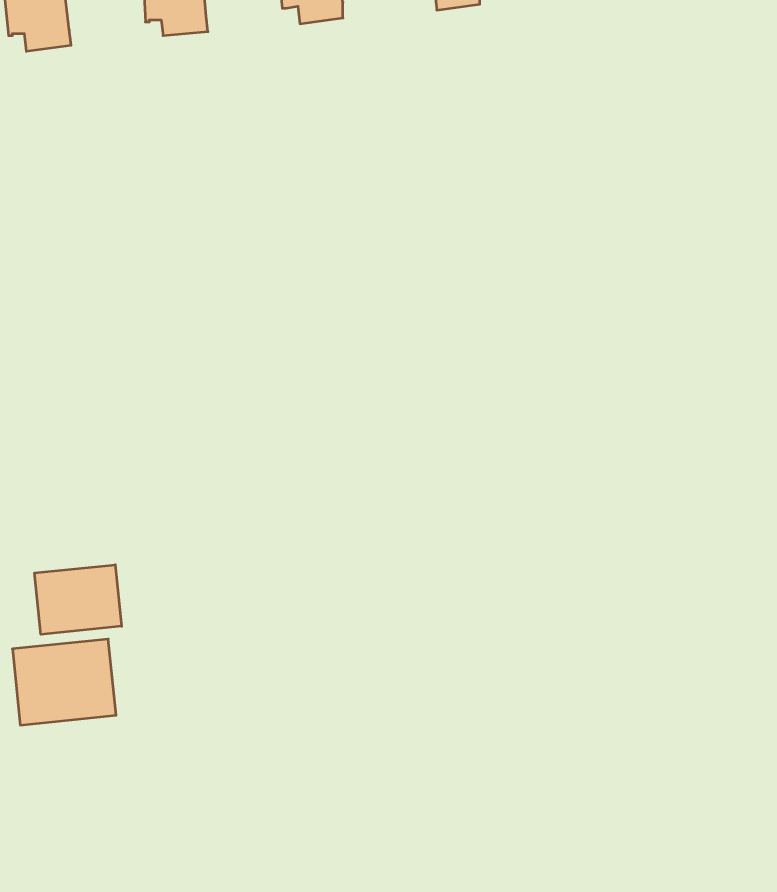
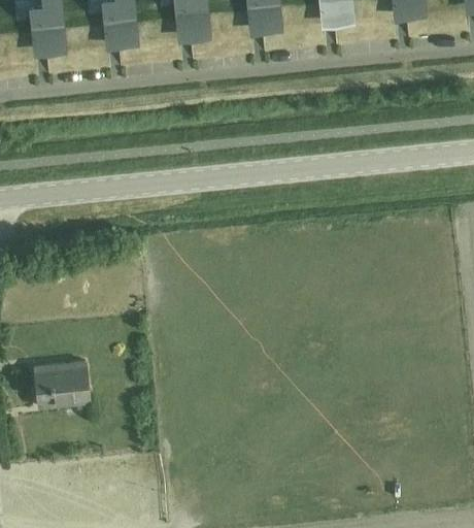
building: [35,565,122,634] -> none

